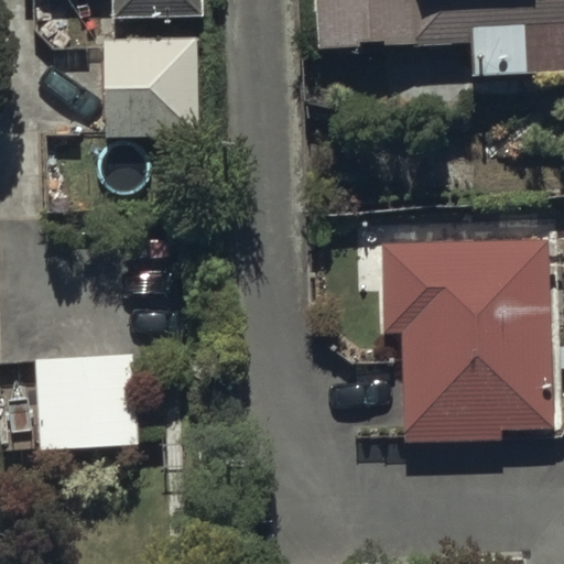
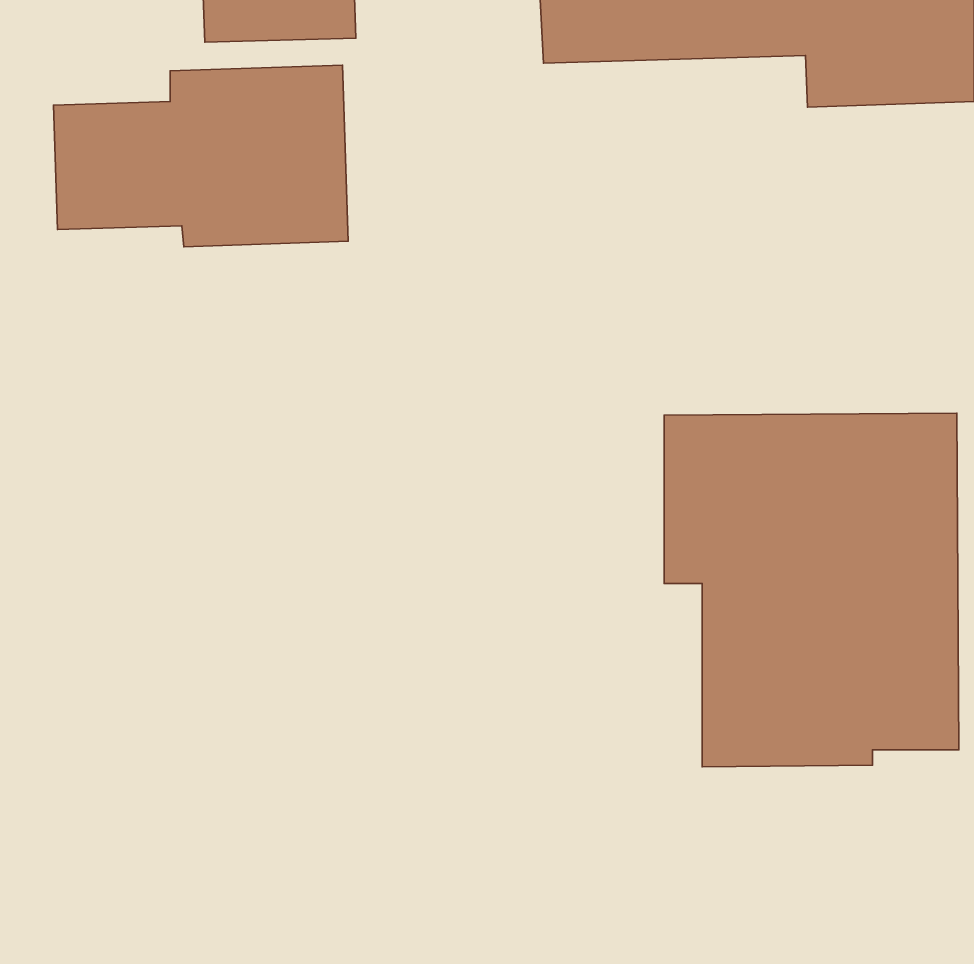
building: [34,344,141,454] -> none

